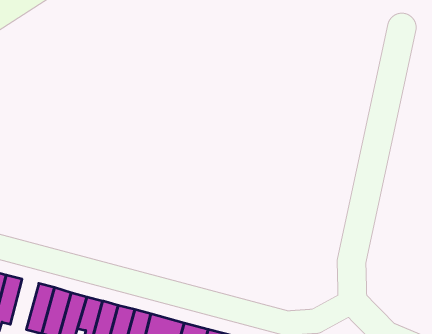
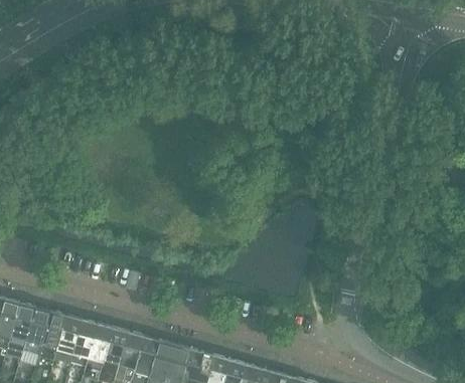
building: none -> [16,306,43,354]

